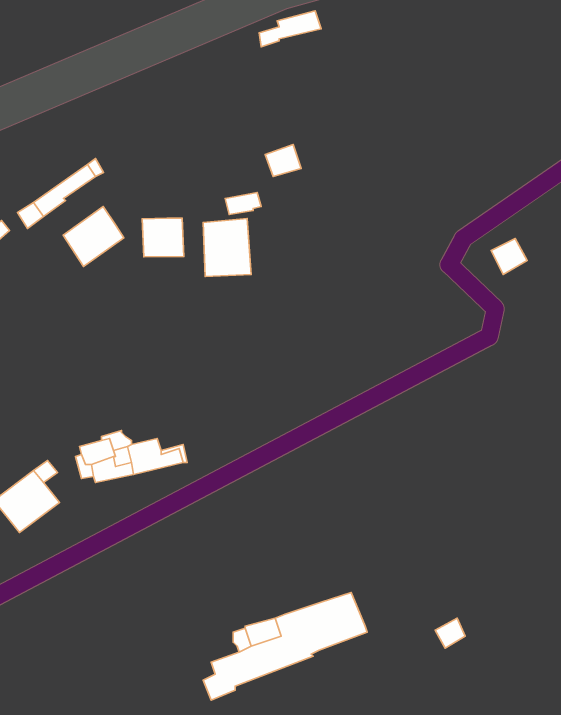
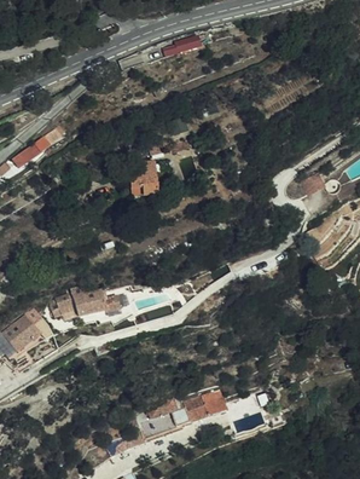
building: [63,206,124,267] -> none
building: [142,218,184,257] -> none

